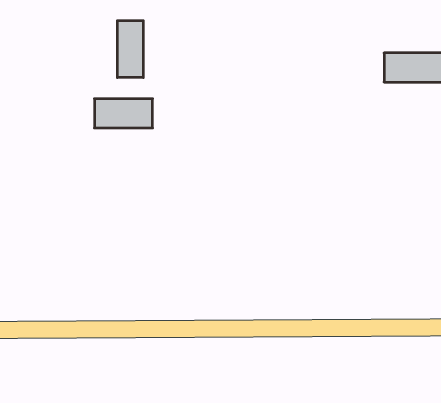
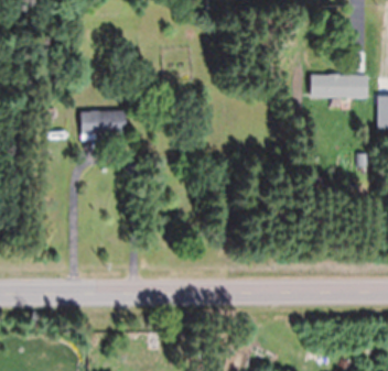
building: [117,21,143,78] -> none

